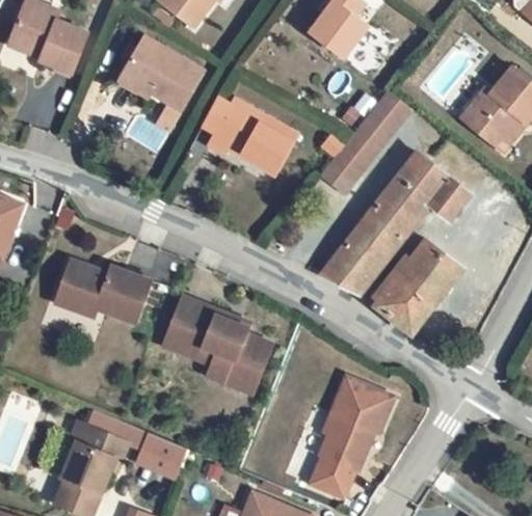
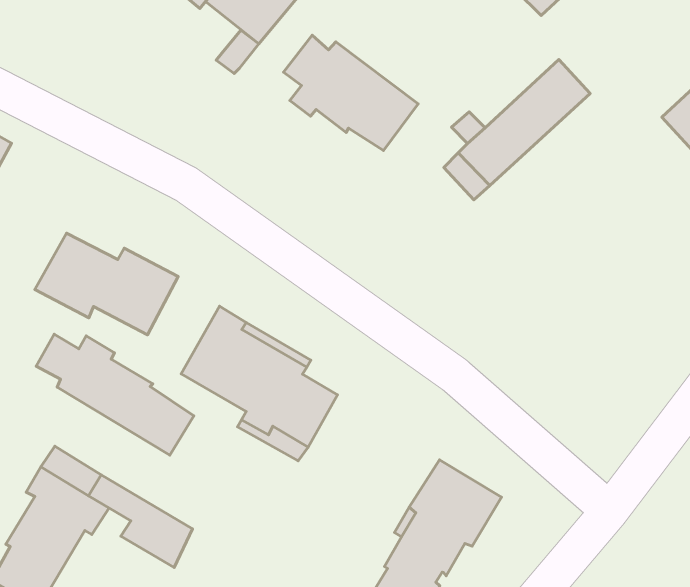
building: [320,153,470,295] -> none
building: [373,240,462,335] -> none
building: none -> [36,334,194,455]

